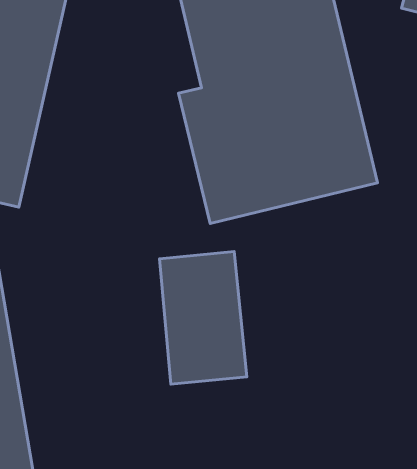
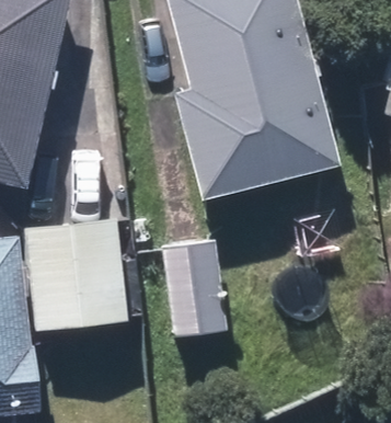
building: none -> [22,217,127,334]

